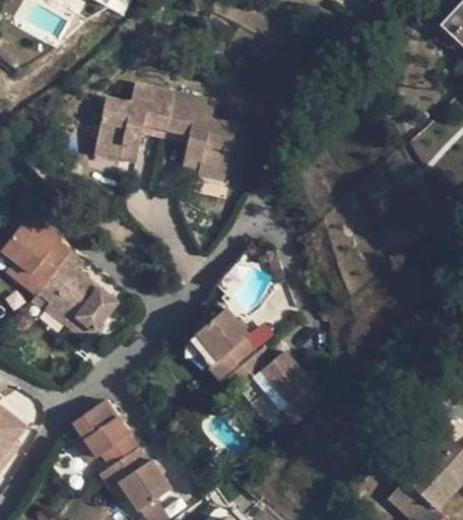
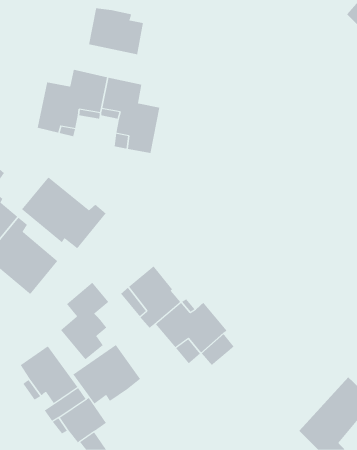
building: none -> [89,7,144,55]
building: none -> [21,177,107,249]
building: none -> [60,282,109,360]
building: none -> [72,344,141,404]

